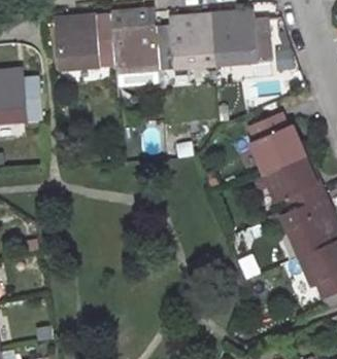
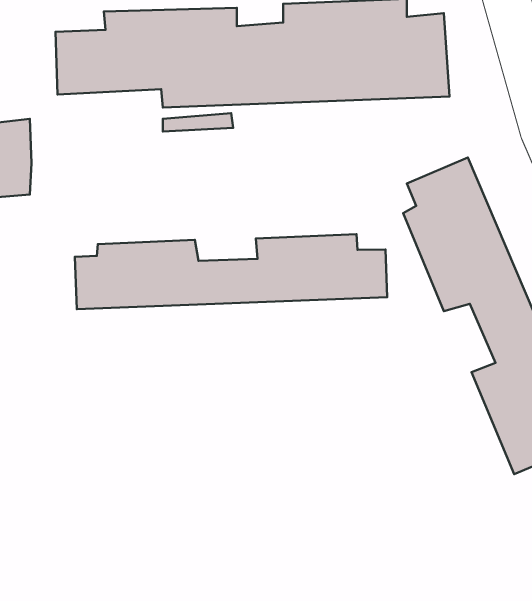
building: none -> [75,234,387,309]

